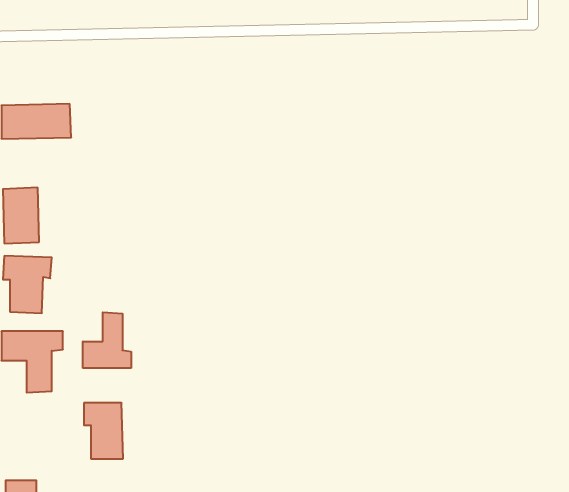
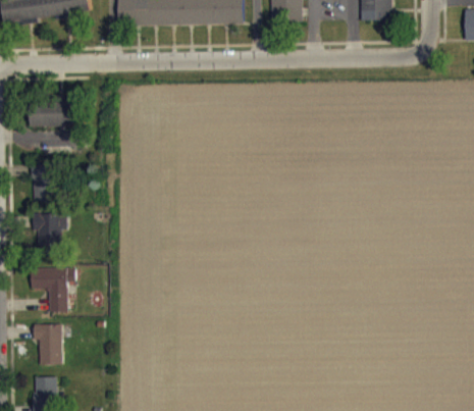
building: [83,312,131,368] -> none
building: [84,403,123,459] -> [34,326,62,367]

